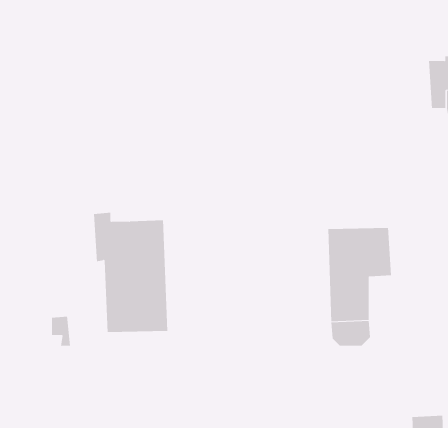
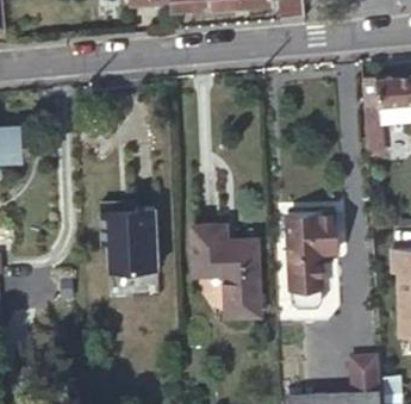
building: none -> [194,225,259,315]

